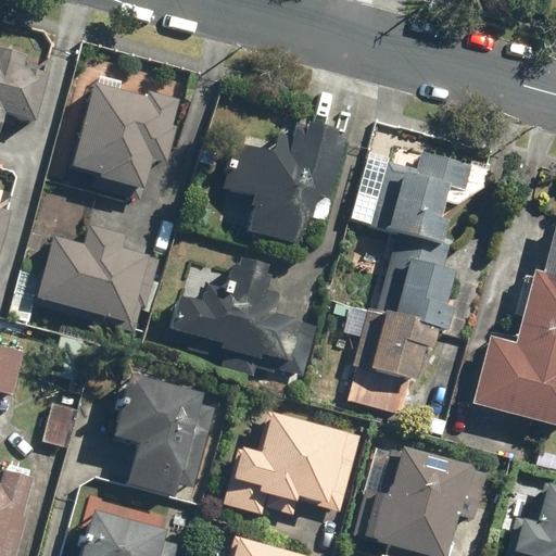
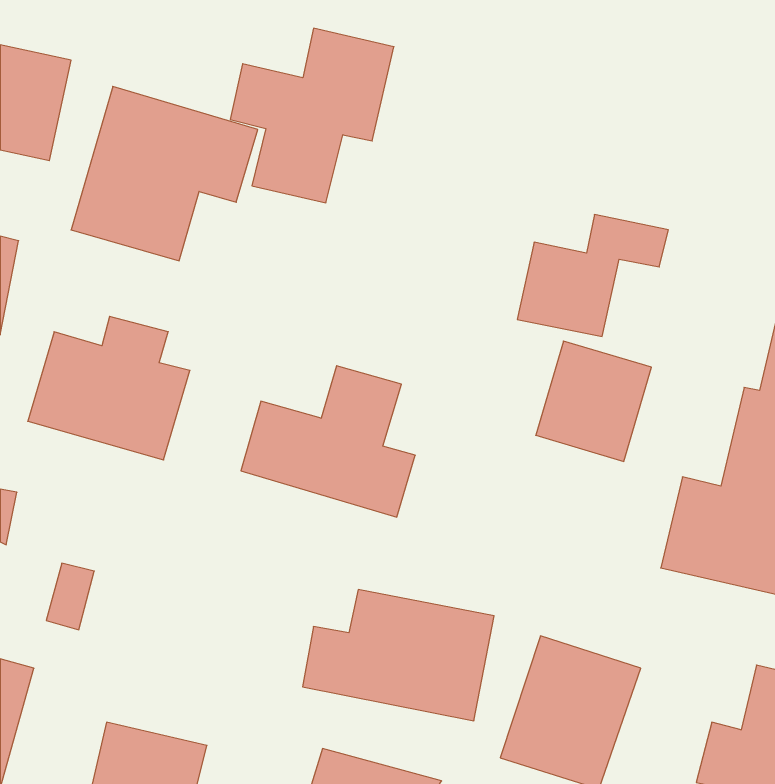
building: [223,126,338,249] -> [230,28,394,203]
building: [351,312,434,416] -> none
building: [109,376,218,504] -> none

